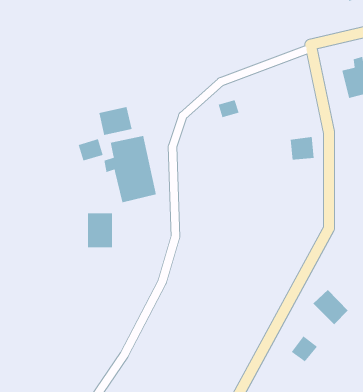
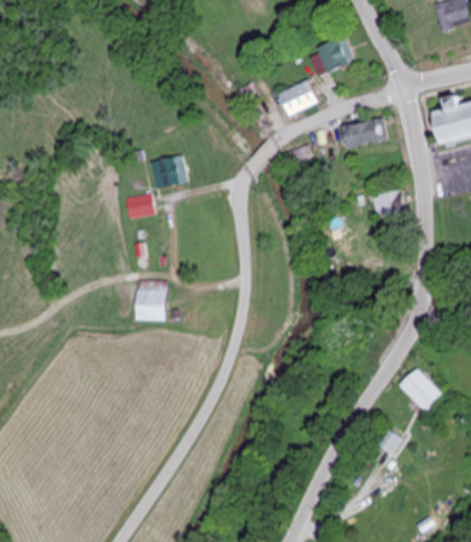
building: none -> [307,36,354,76]
building: none -> [278,79,317,114]
building: none -> [343,118,387,148]
building: [104,135,156,203] -> none

